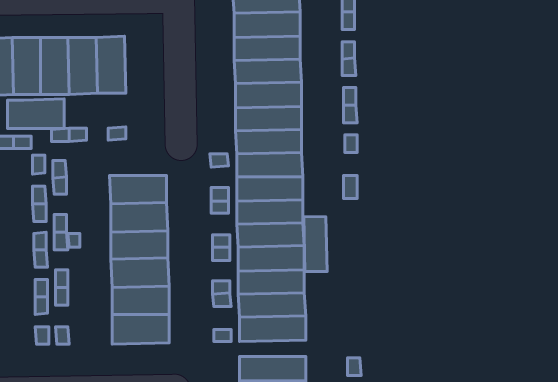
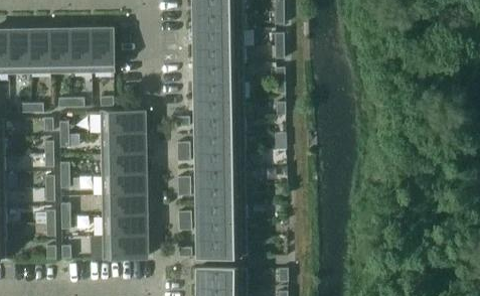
building: [7,99,64,129] -> [101,110,143,132]
building: [304,217,327,272] -> none

